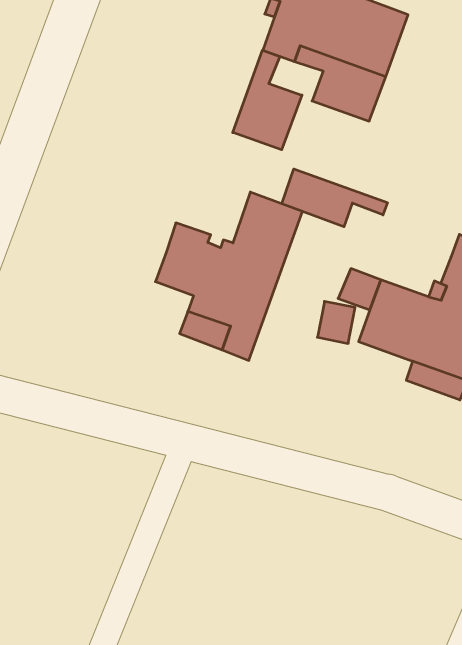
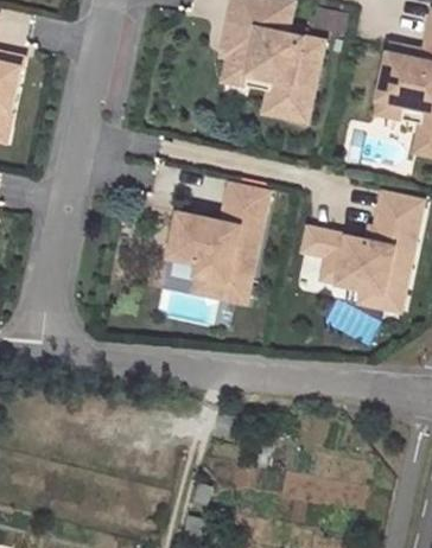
building: [233,50,302,150] -> none
building: [282,169,387,227] -> none

